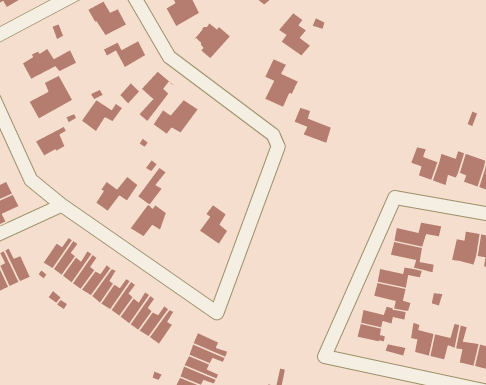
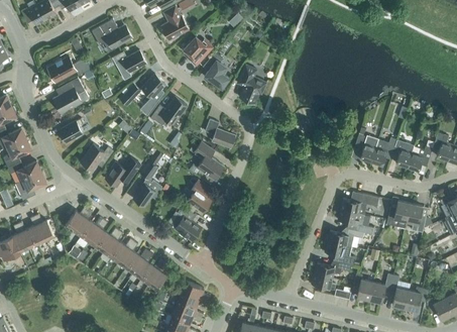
building: [278,12,311,60] -> [203,52,229,90]
building: [81,99,123,132] -> [81,143,114,170]
building: [293,107,332,144] -> [205,119,235,148]
building: none -> [186,141,224,179]
building: none -> [176,206,201,240]

